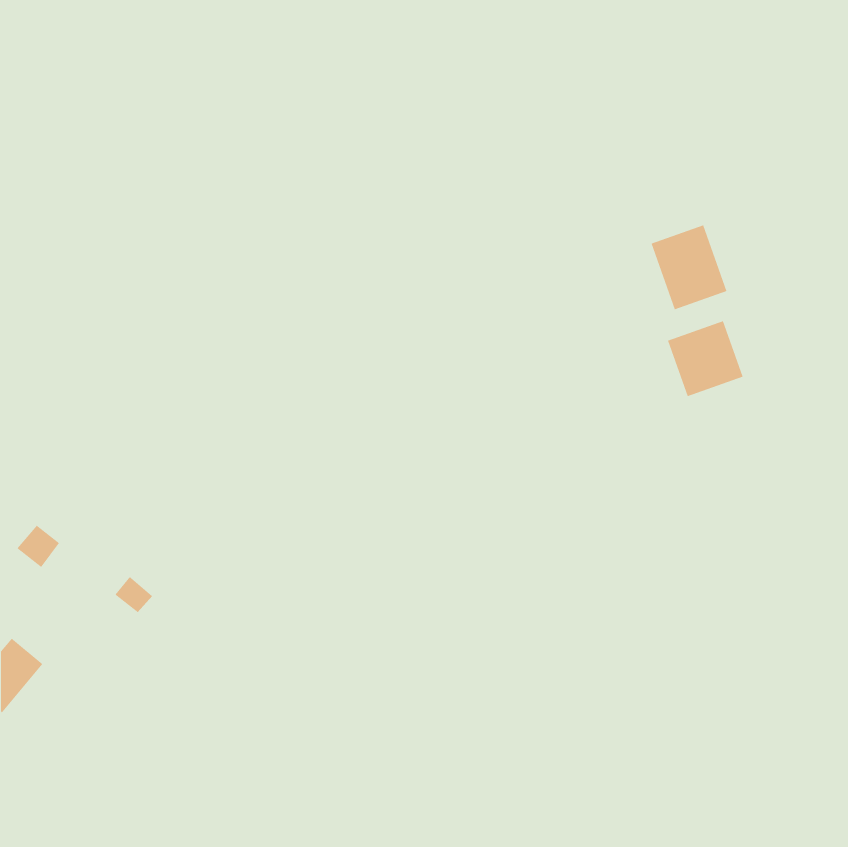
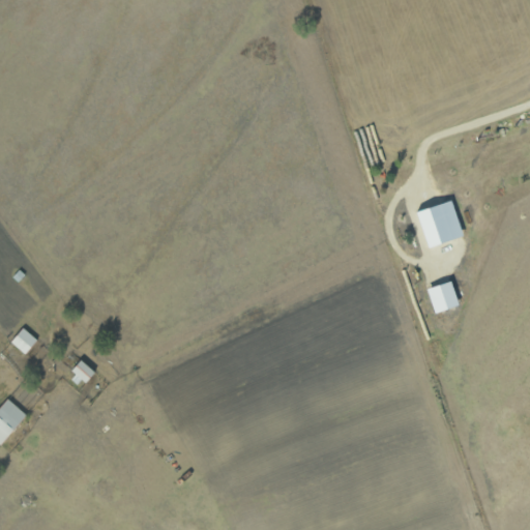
building: [651,224,727,310] -> none
building: none -> [426,281,459,313]

